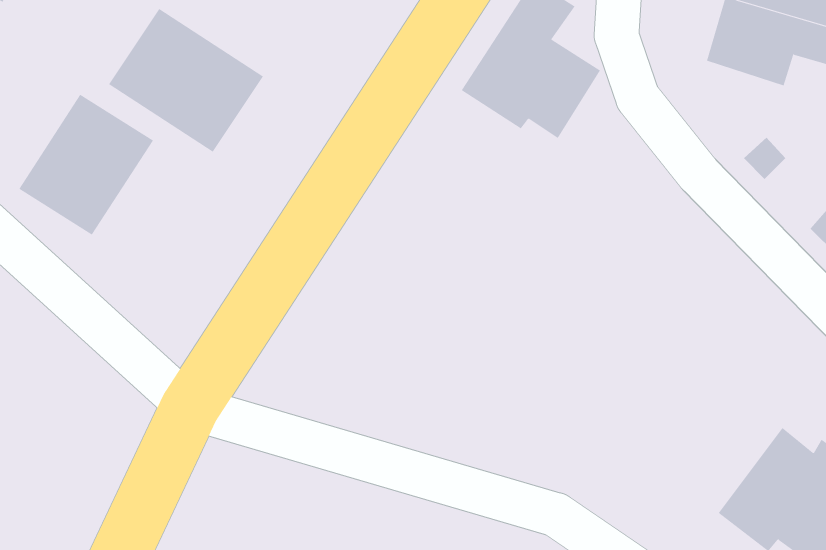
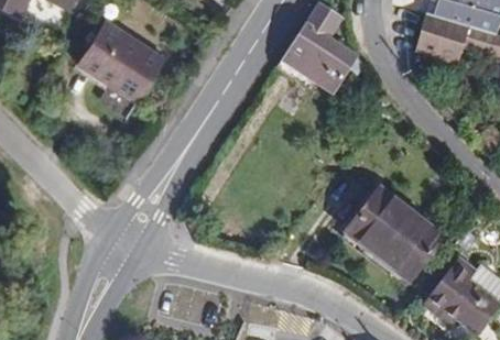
building: [18,94,154,236] -> none
building: none -> [346,188,444,282]

